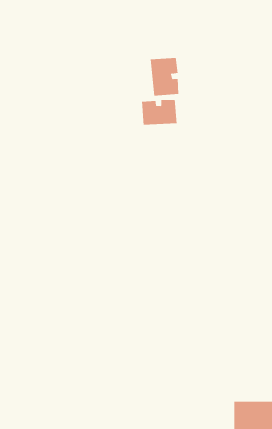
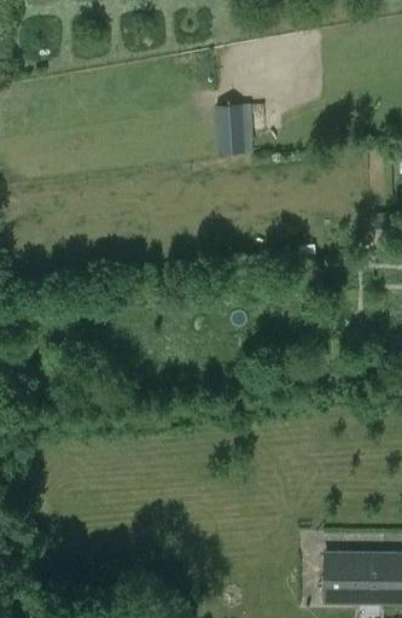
building: [142,99,177,125] -> none

